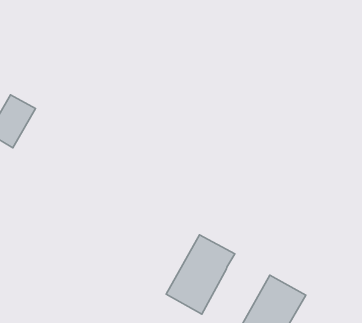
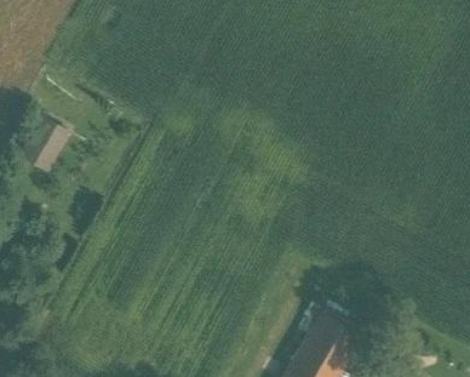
building: [166,235,235,314] -> none

